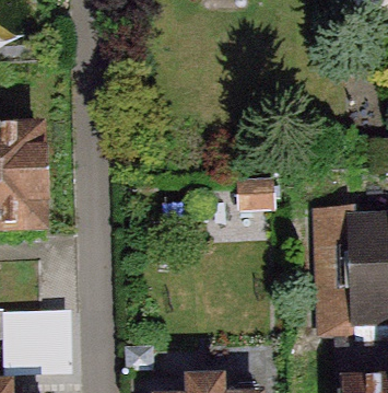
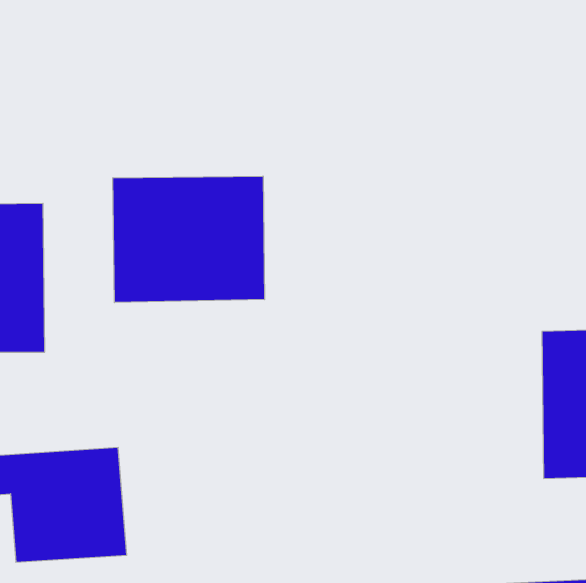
building: none -> [113,176,265,303]

